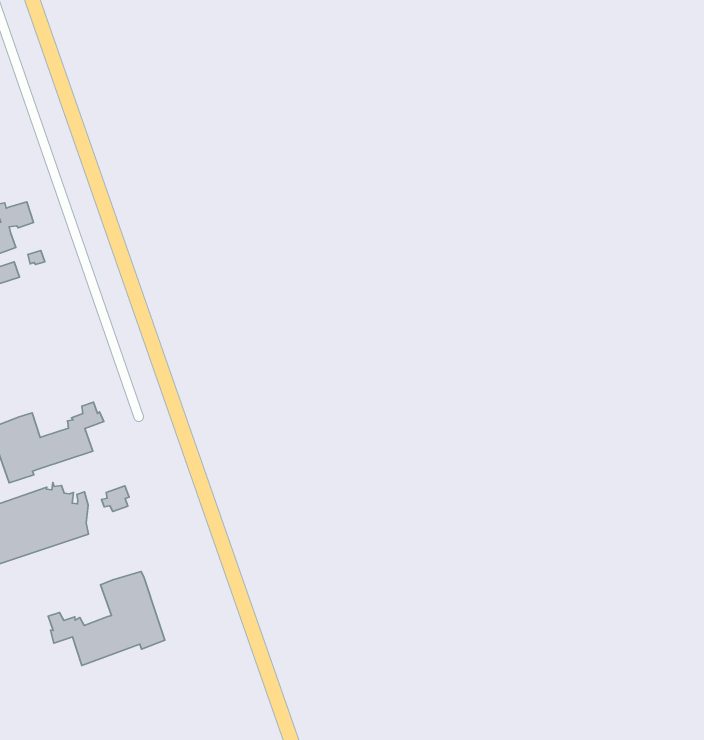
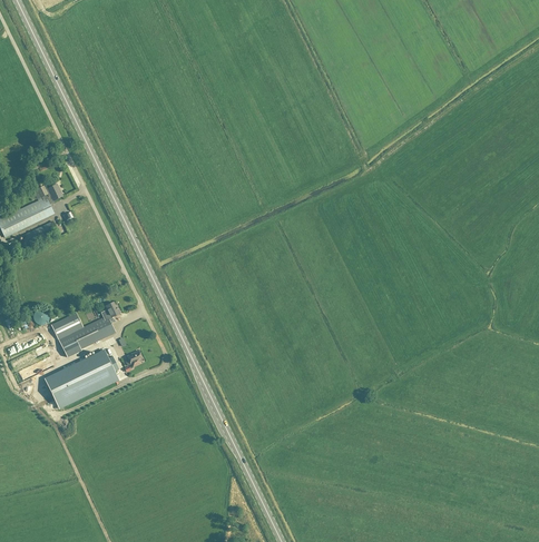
building: [48,571,165,666] -> none

